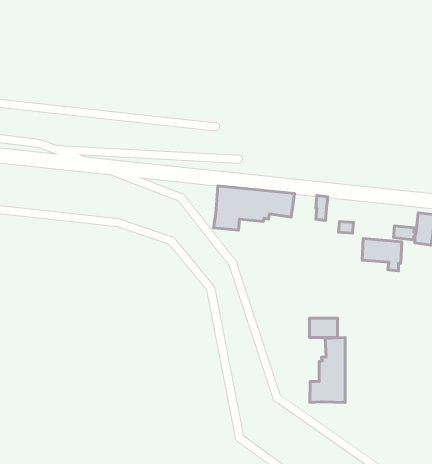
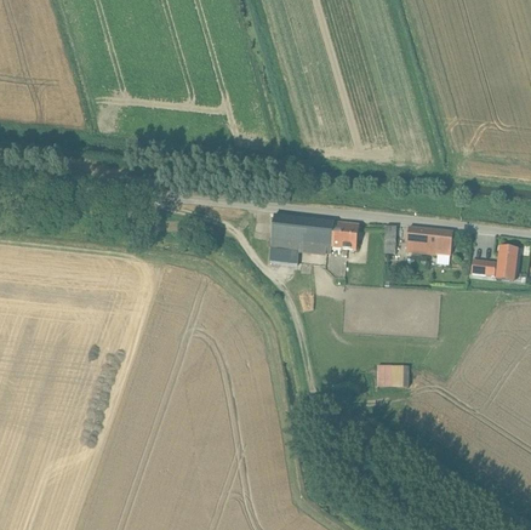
building: [362,239,402,271] -> [406,227,451,263]
building: [310,338,345,403] -> none

